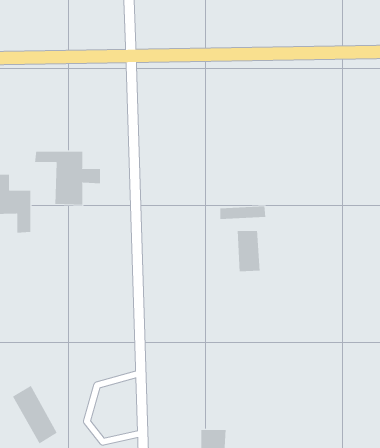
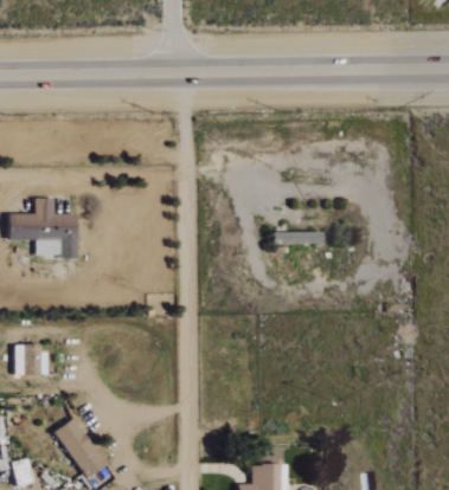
building: [35,151,100,205] -> none
building: [237,230,260,272] -> none

